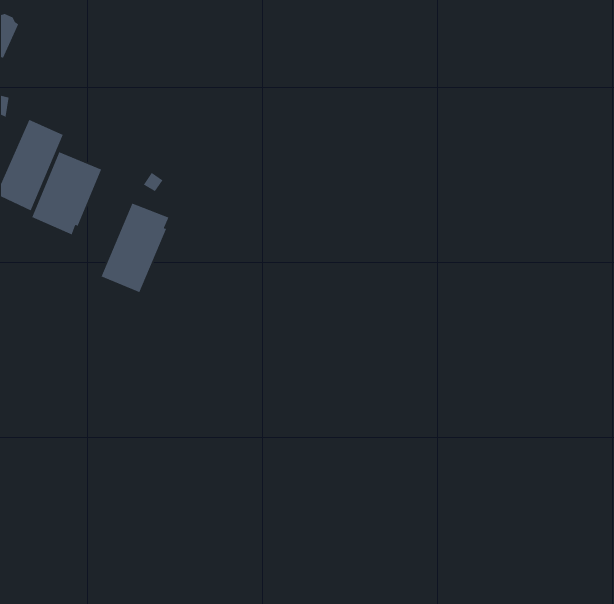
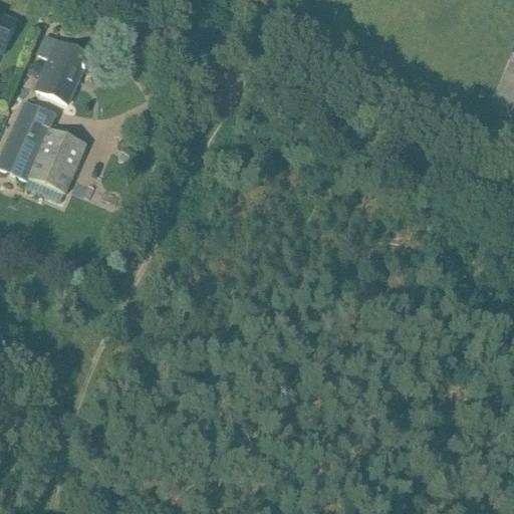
building: none -> [36,33,88,99]
building: [101,202,170,293] -> none

